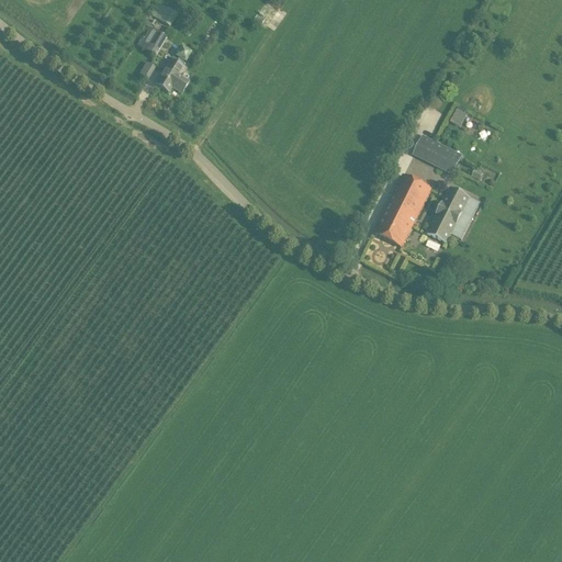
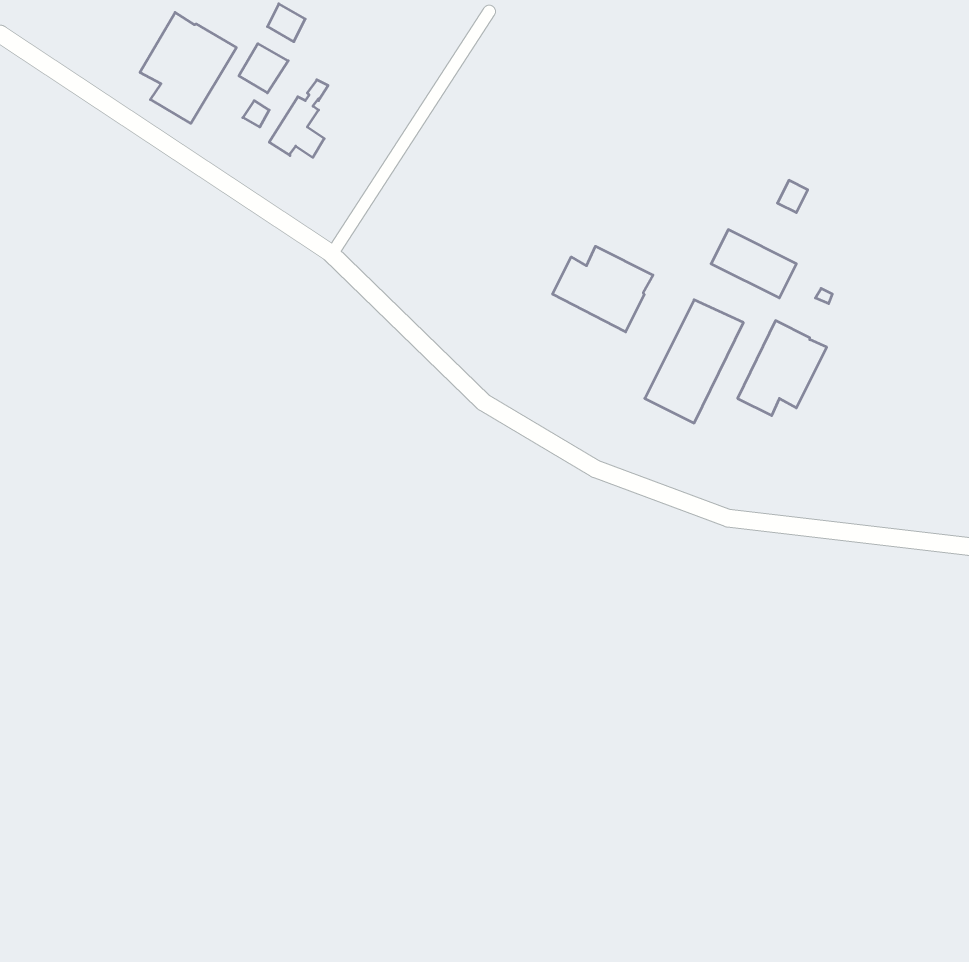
building: none -> [140,12,236,123]
building: none -> [553,246,653,332]

